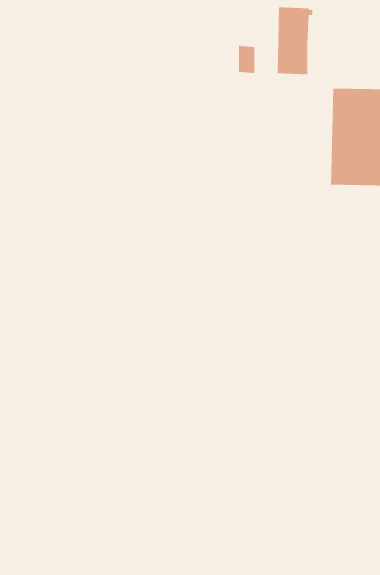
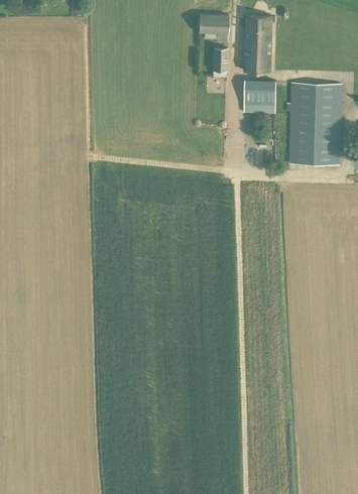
building: none -> [199,14,229,41]
building: none -> [244,80,276,113]

